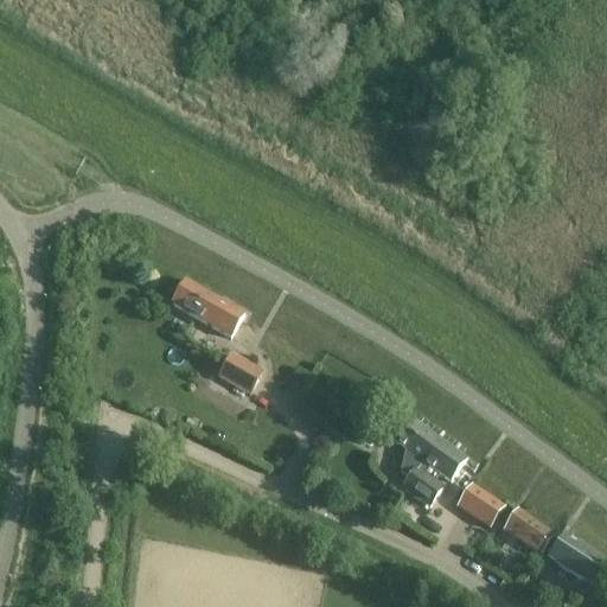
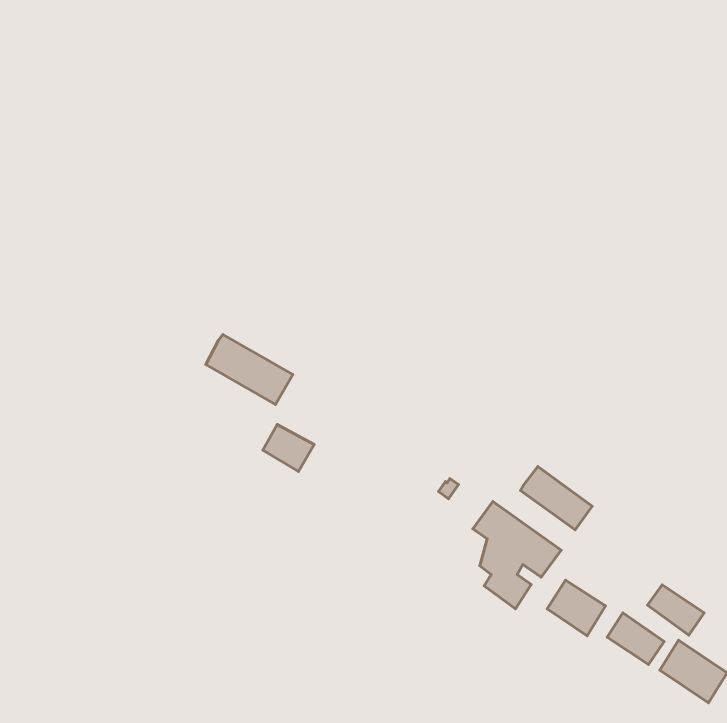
building: none -> [521,467,592,530]
building: none -> [647,585,704,635]

